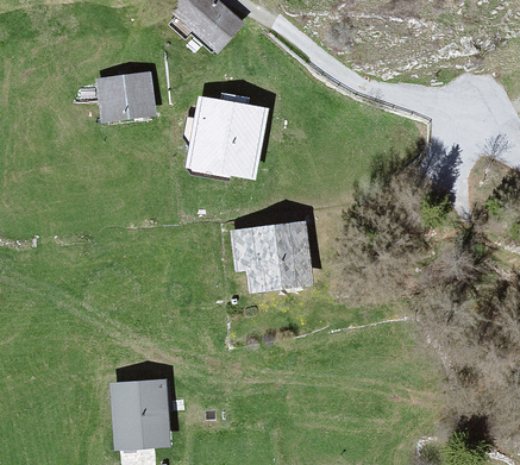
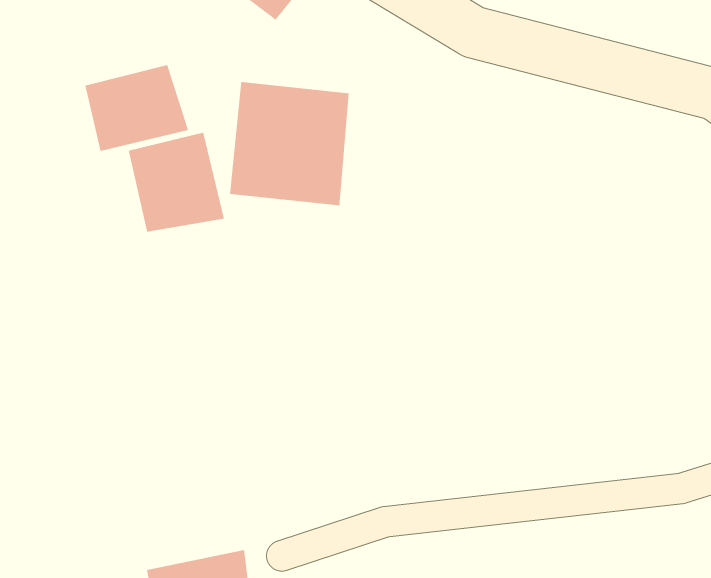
building: none -> [128,132,224,232]
building: [232,220,311,294] -> none

